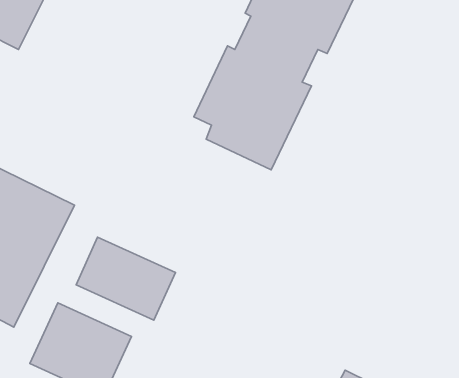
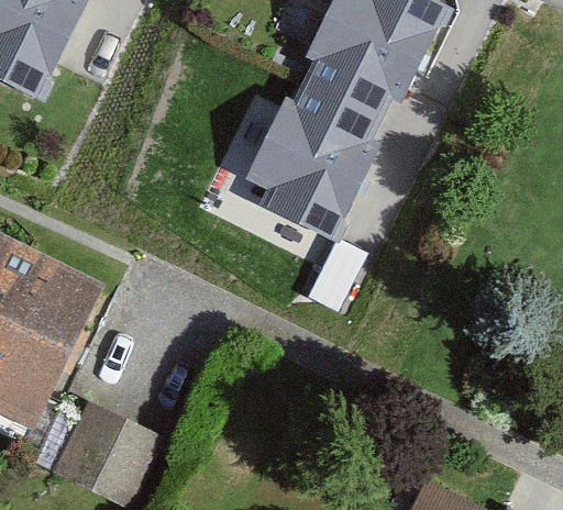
building: [76,237,175,320] -> none

